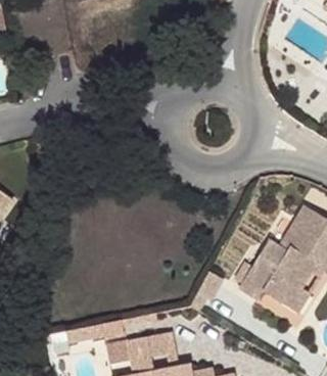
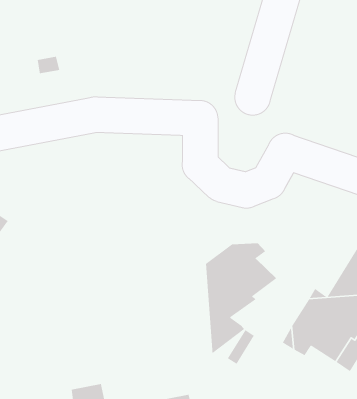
building: none -> [205,242,277,354]

